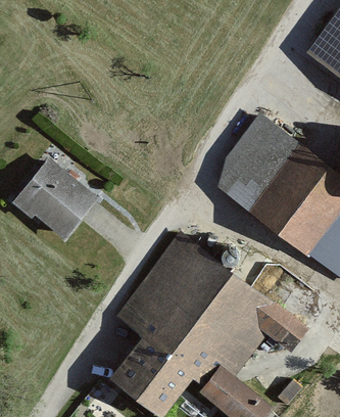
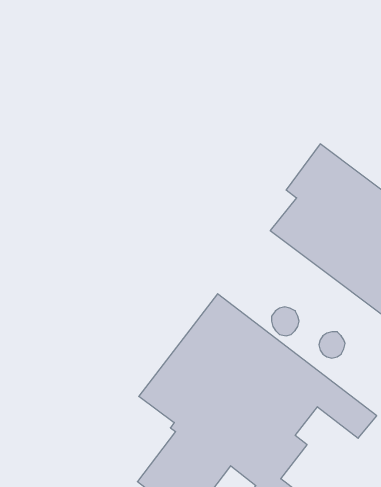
building: [18,164,93,235] -> none

